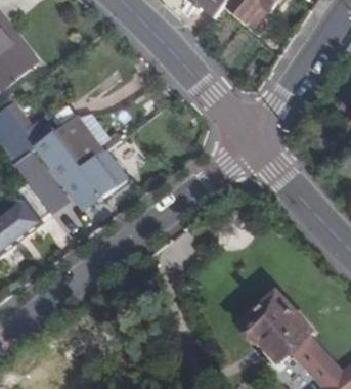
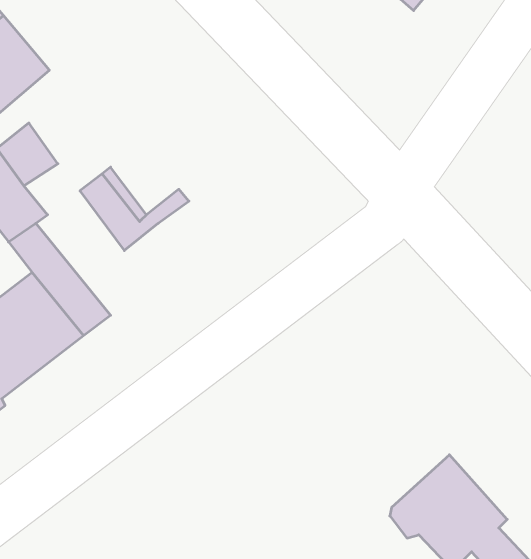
building: [37,134,122,210] -> none

